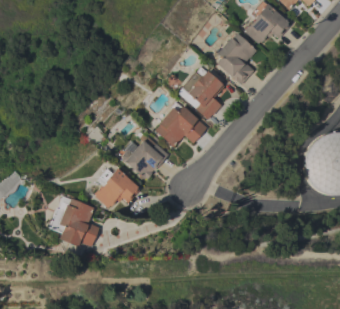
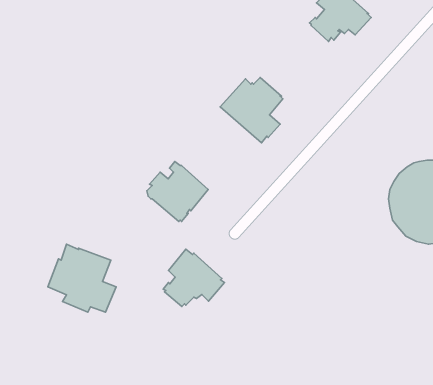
building: [216,33,257,84] -> none
building: [155,105,207,147] -> none
building: [94,164,140,207] -> [163,249,224,306]

